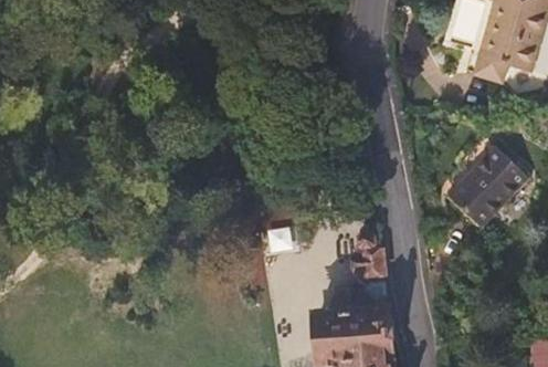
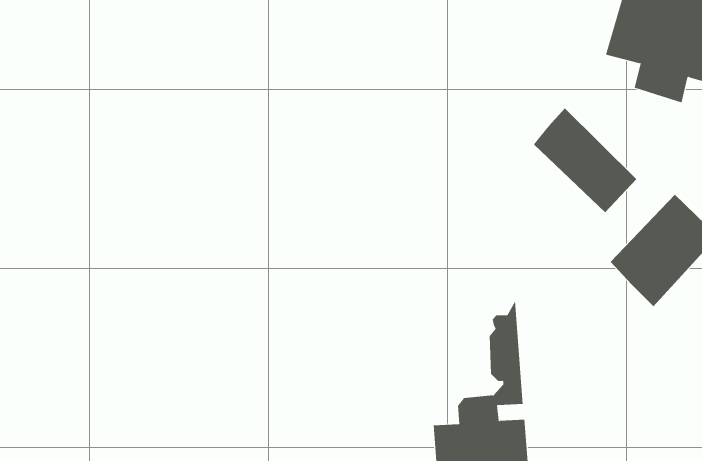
building: none -> [533,108,637,213]

